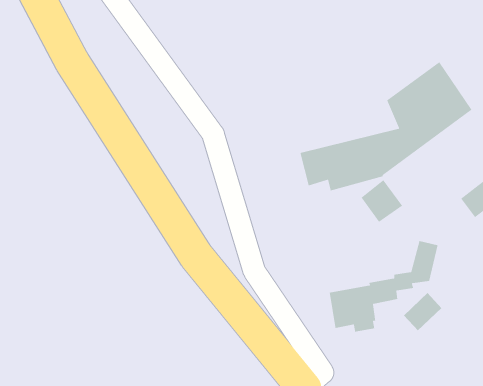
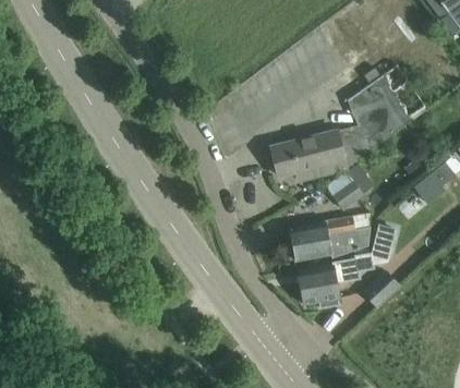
building: none -> [288,213,371,260]

